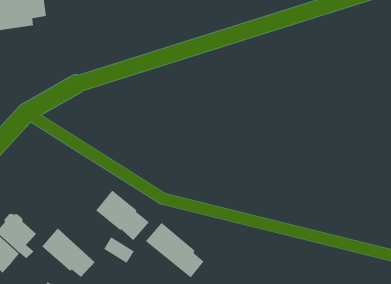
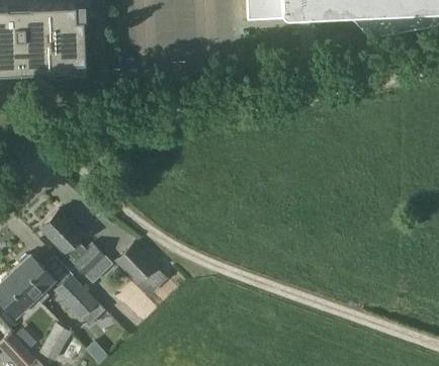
building: none -> [37,207,110,281]
building: [145,222,204,278] -> none

